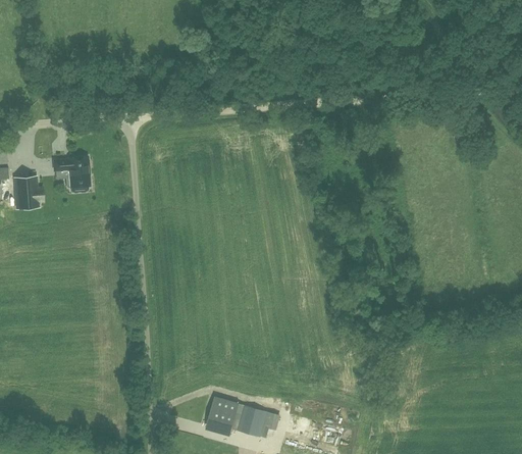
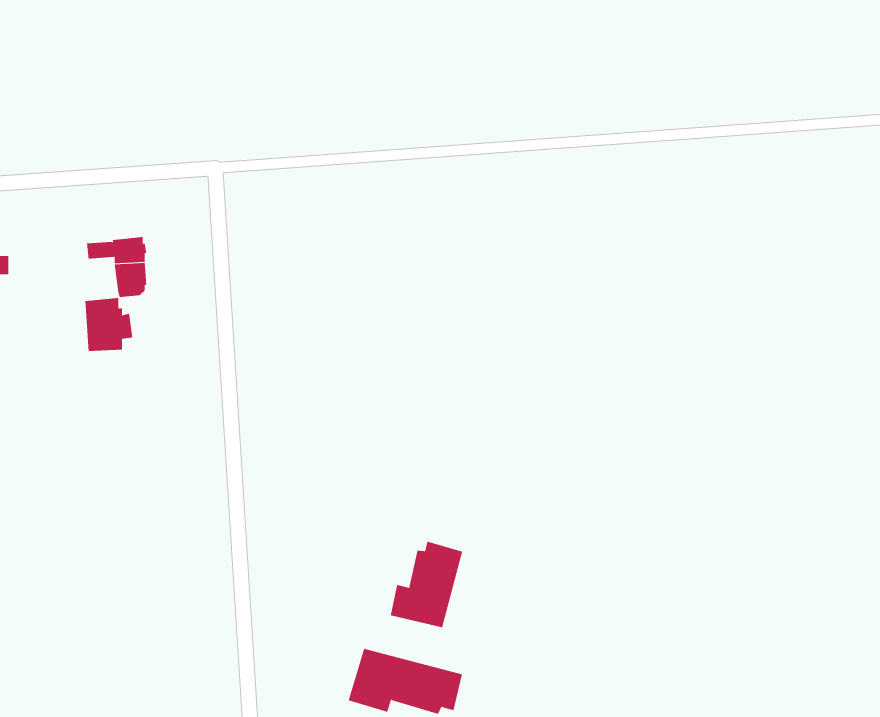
building: [14,176,43,208] -> [84,297,133,351]
building: none -> [390,541,463,628]

